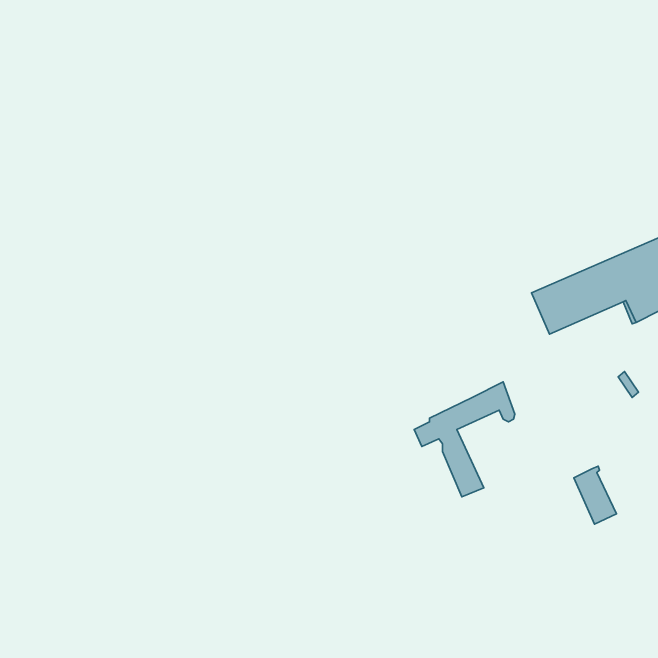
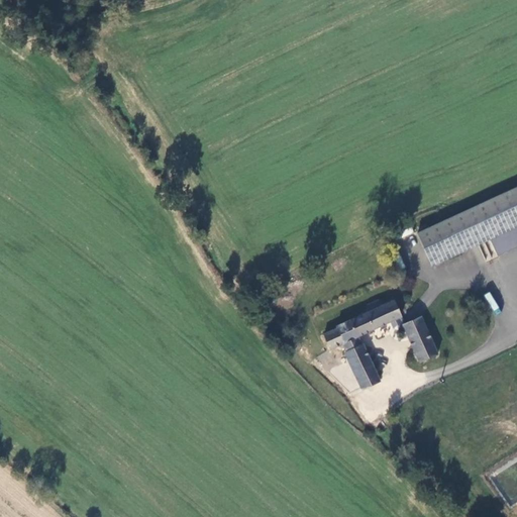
building: [574,466,616,524] -> [404,315,437,360]

